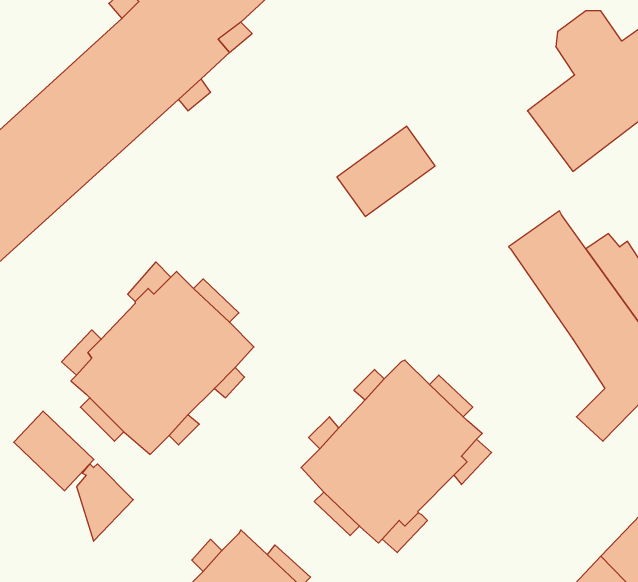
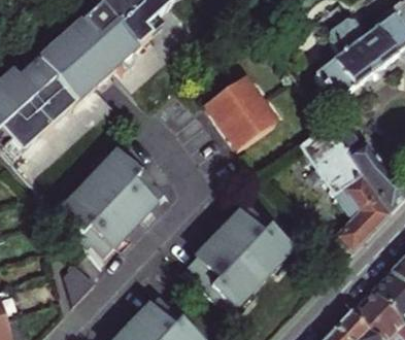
building: none -> [222,99,277,150]
building: [14,411,94,491] -> none

